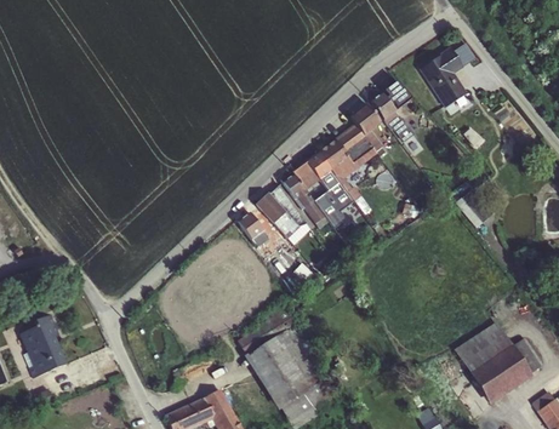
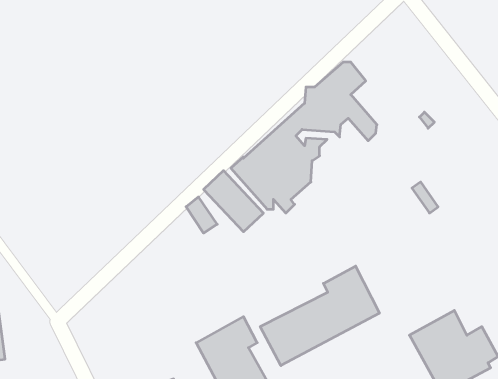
building: [421,40,478,107] -> none
building: none -> [260,266,379,366]

